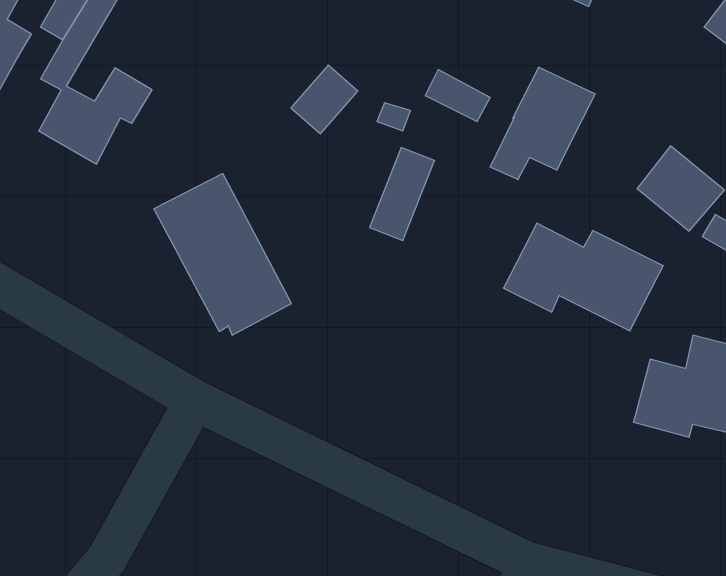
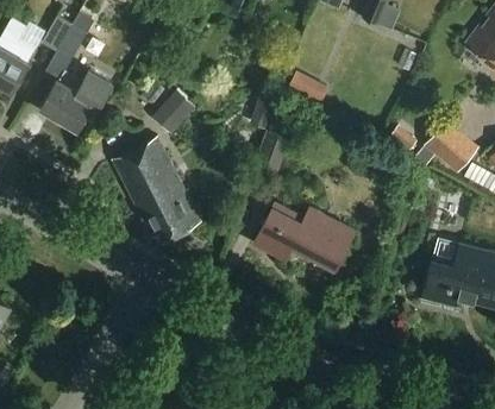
building: [291,65,358,134] -> [153,90,196,134]
building: [490,67,595,180] -> none
building: [503,223,663,331] -> [253,204,356,273]

